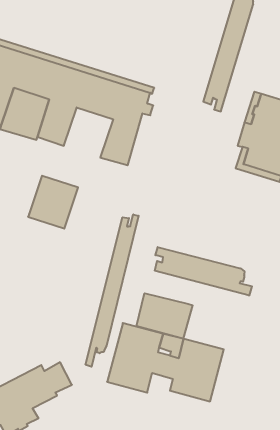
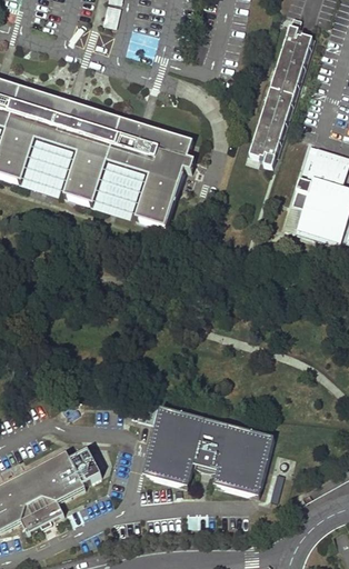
building: [28,176,78,229] -> [91,161,148,221]
building: [86,214,139,367] -> none
building: [155,247,252,296] -> none
building: [137,293,193,339] -> none

